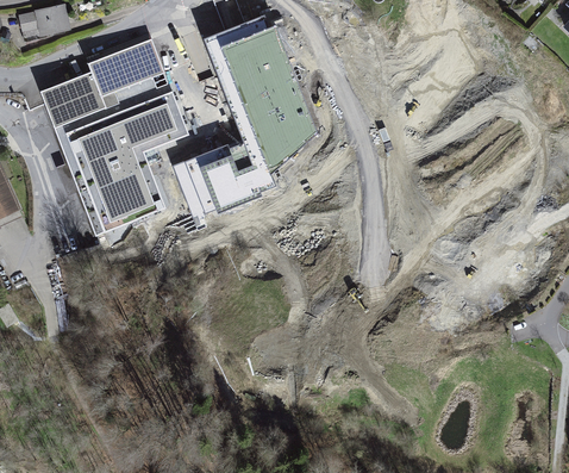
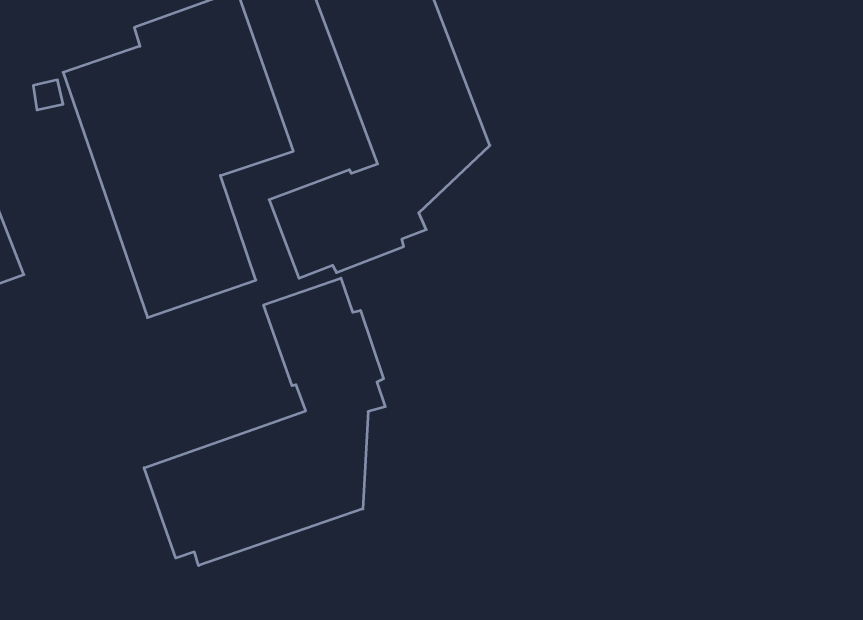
building: none -> [144,278,385,566]

